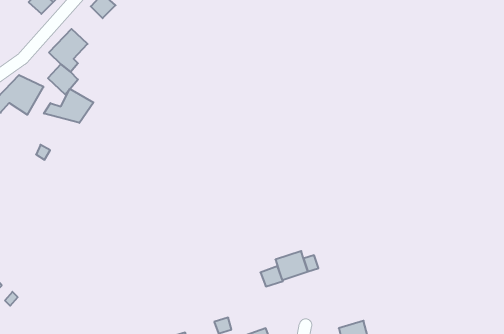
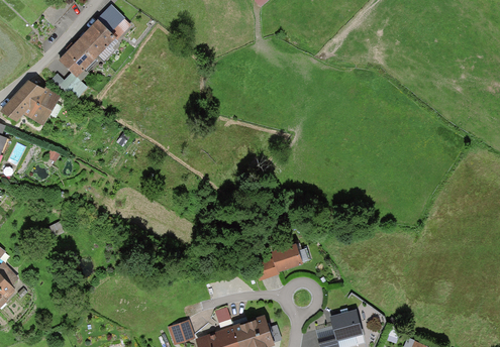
building: none -> [81,19,116,55]
building: [44,89,93,123] -> none

